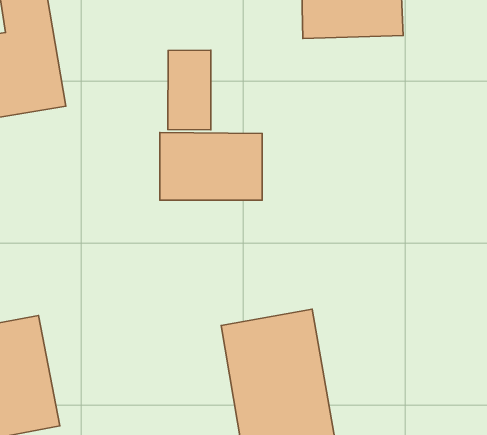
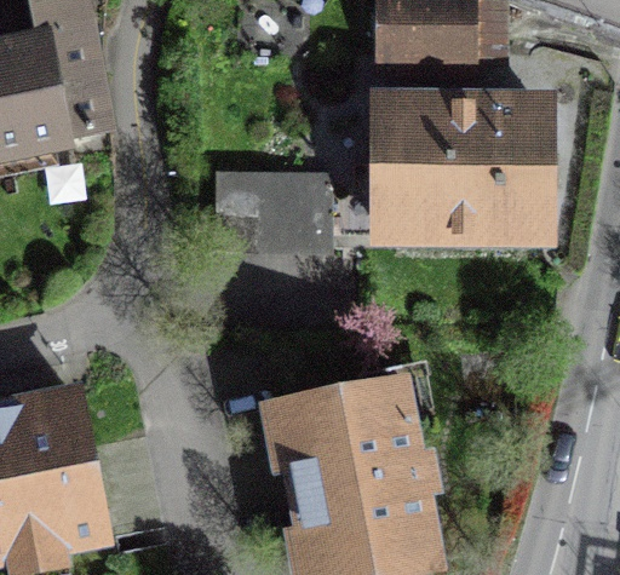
building: [168,50,211,130] -> none
building: none -> [384,108,538,240]

